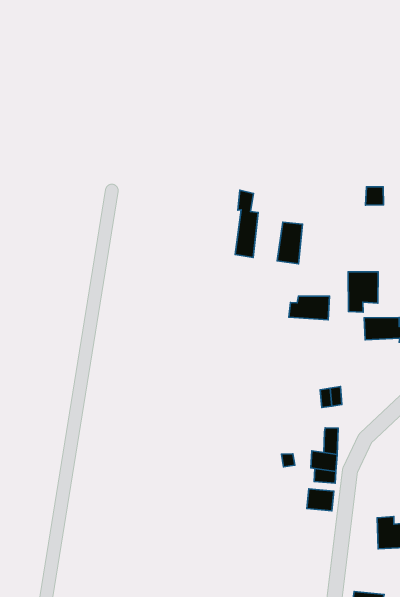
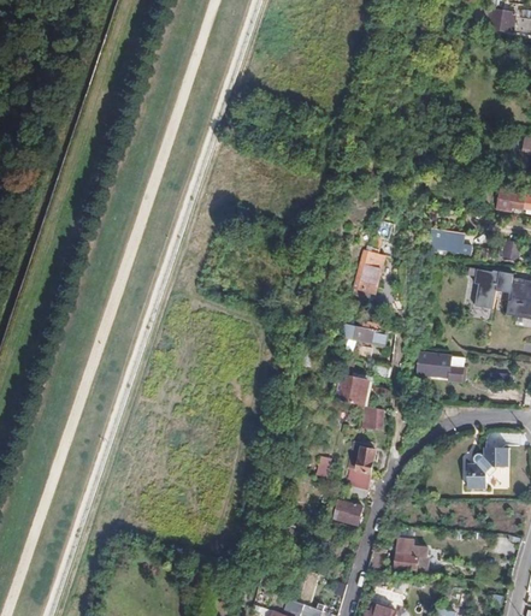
building: [235,190,258,258] -> none
building: [348,272,378,312] -> none
building: none -> [342,375,371,405]

